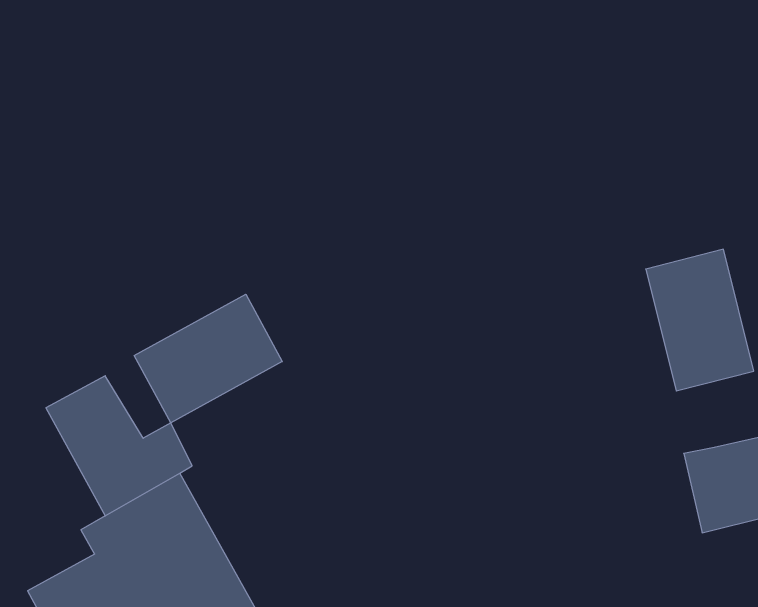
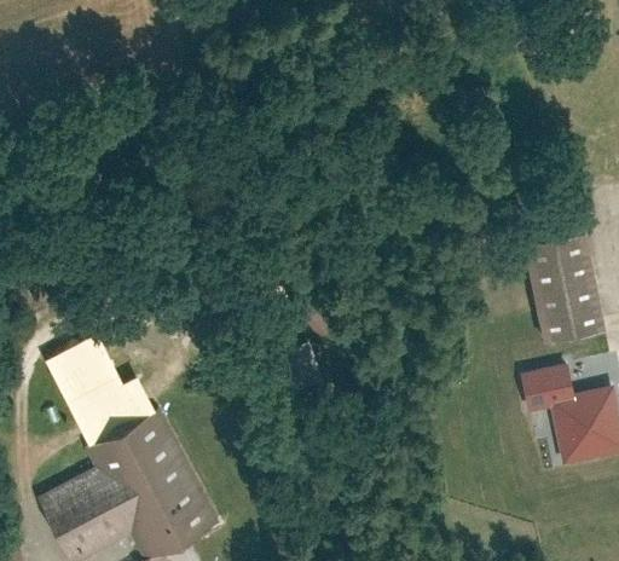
building: [134,294,282,423] -> none
building: none -> [526,362,577,401]

